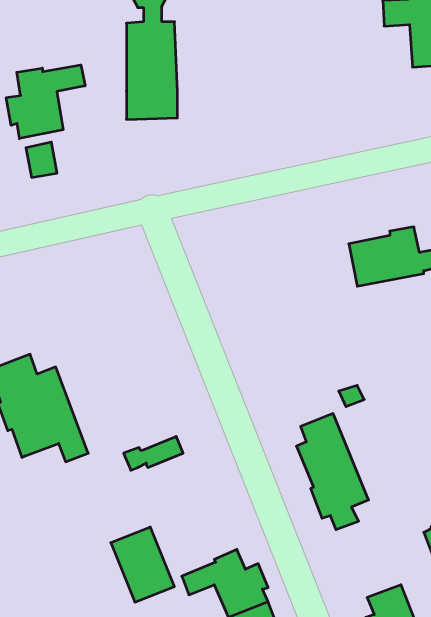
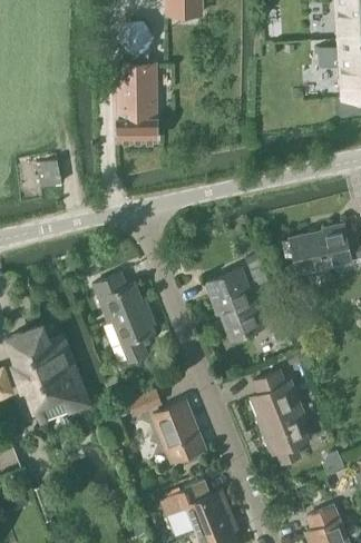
building: [6,65,85,139] -> none
building: none -> [205,269,264,340]
building: none -> [94,274,154,363]
building: [111,527,174,602] -> [153,402,203,461]

